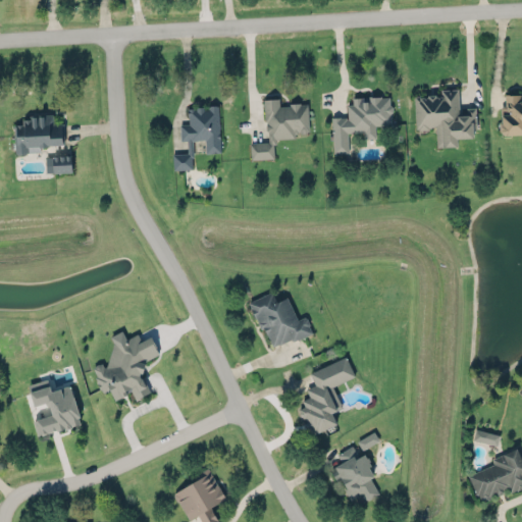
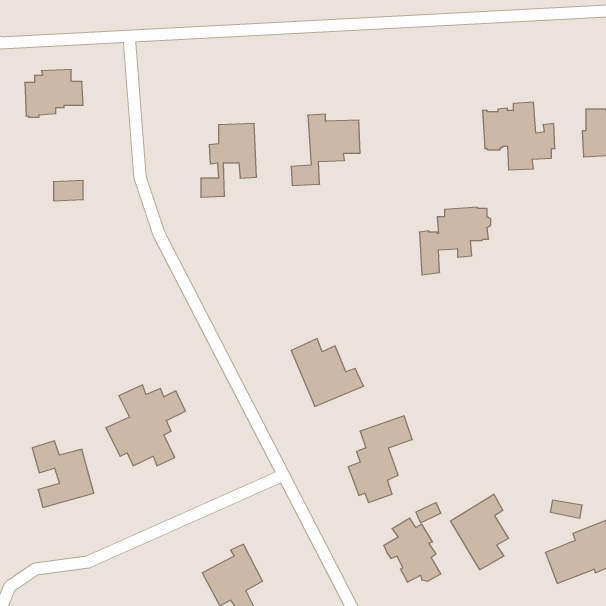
building: [332,96,394,154] -> [419,207,491,275]
building: [14,113,64,154] -> [25,70,83,117]
building: none -> [450,494,509,570]

